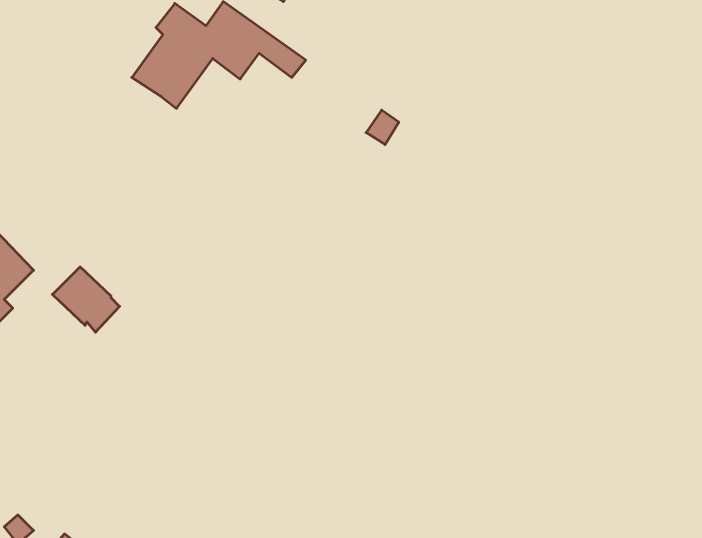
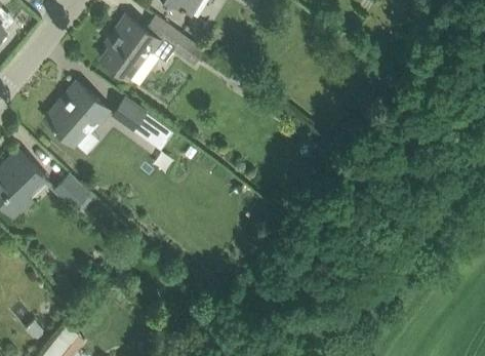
building: none -> [48,83,110,145]
building: none -> [113,98,159,141]

